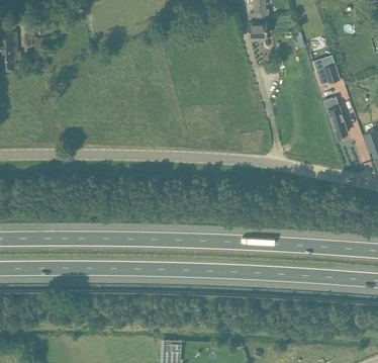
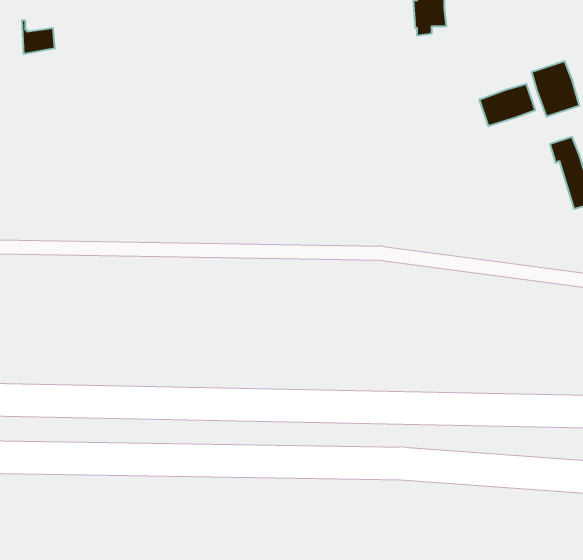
building: none -> [480,84,535,126]

